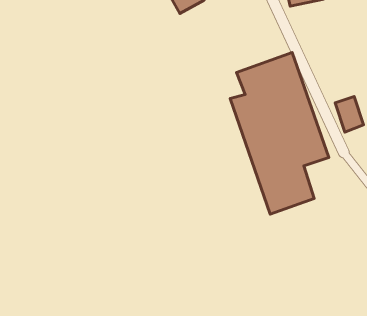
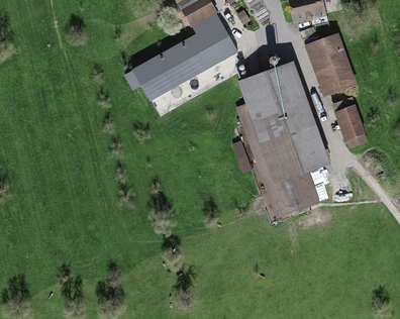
building: none -> [131,22,231,98]
building: none -> [306,33,356,94]

